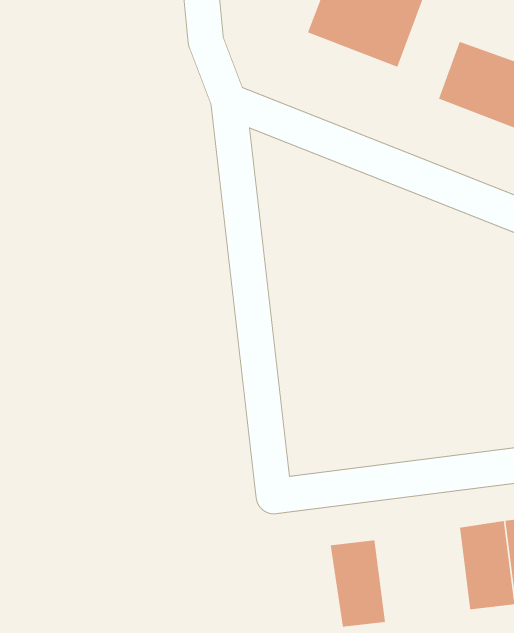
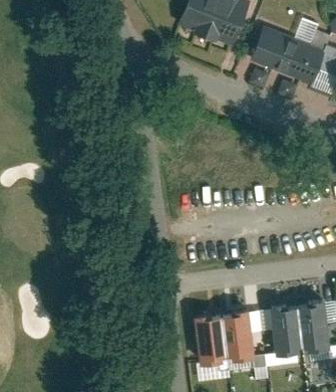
building: none -> [221,312,253,363]

